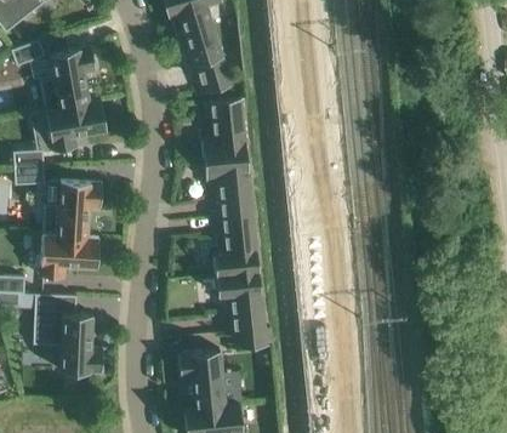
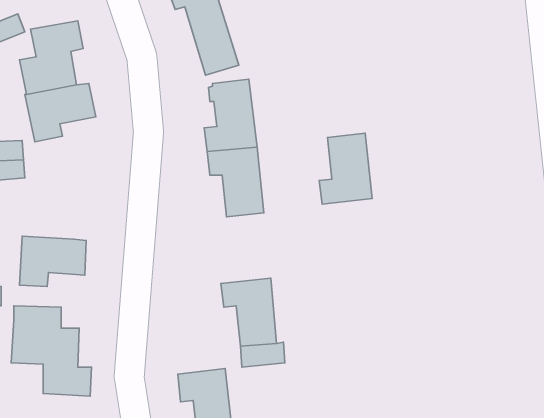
building: [42,181,102,237] -> none
building: [213,213,260,275] -> [319,133,372,204]

